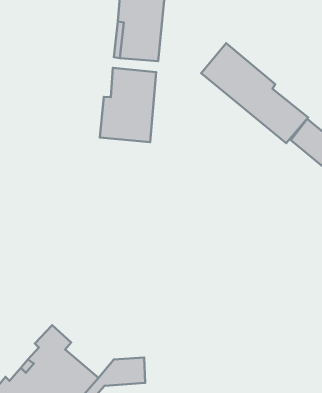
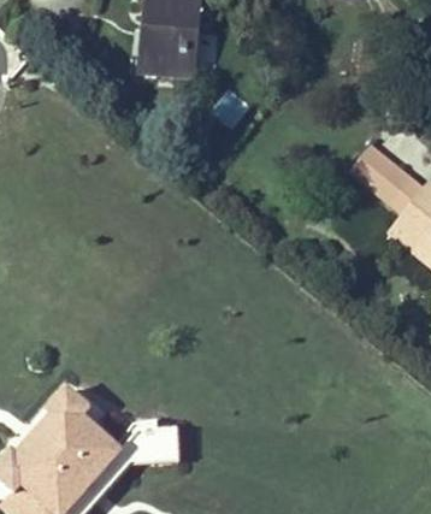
building: [201,43,308,143] -> none
building: [100,68,156,142] -> none

